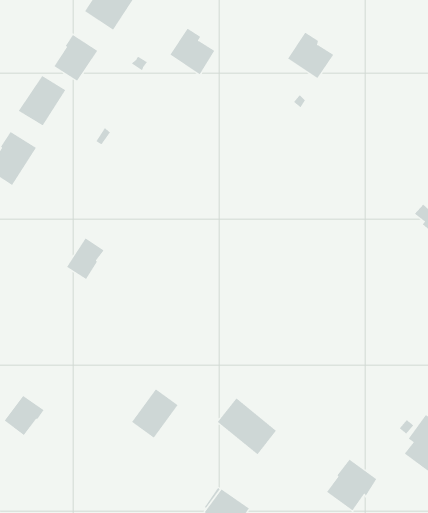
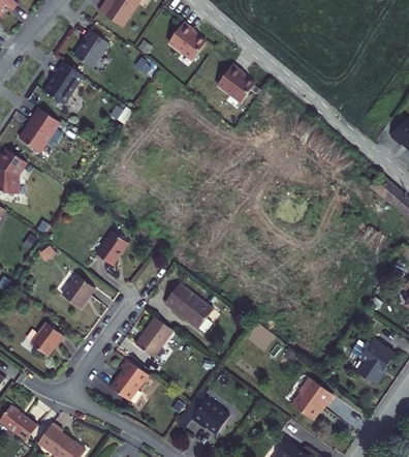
building: [287,32,334,79] -> [216,64,254,102]
building: [66,238,104,280] -> [97,231,128,265]
building: none -> [63,274,96,307]
building: [217,398,277,455] -> [165,281,214,328]
building: none -> [111,358,149,400]

